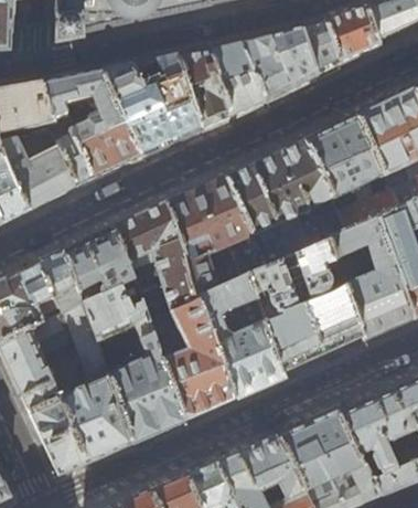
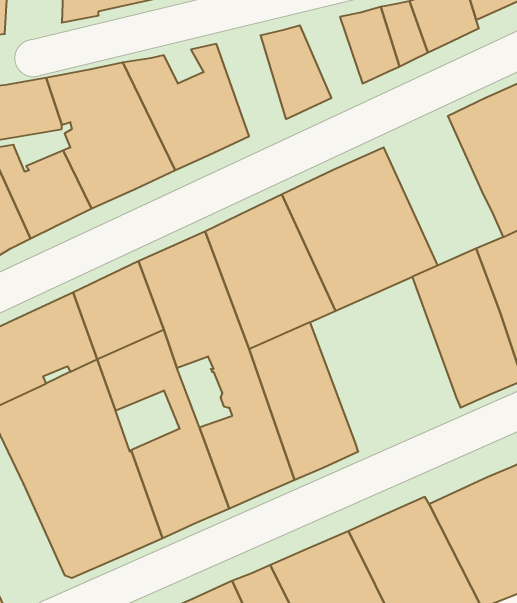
building: [239,36,288,99] -> none
building: [174,51,228,129] -> none
building: [304,114,397,230] -> none
building: [247,239,361,368] -> none

